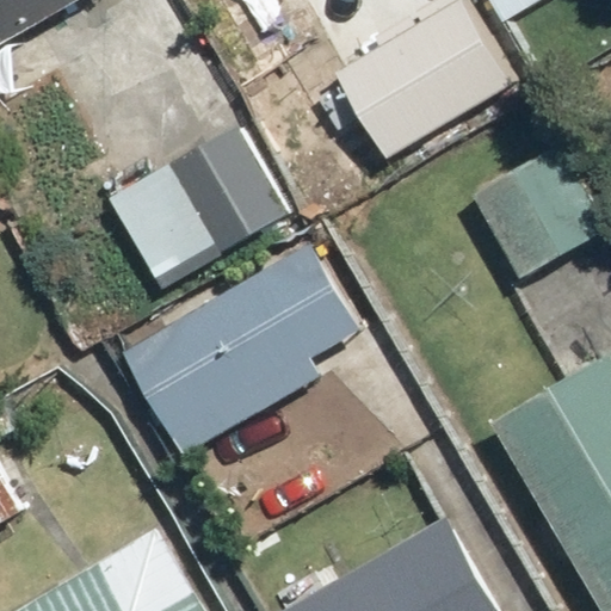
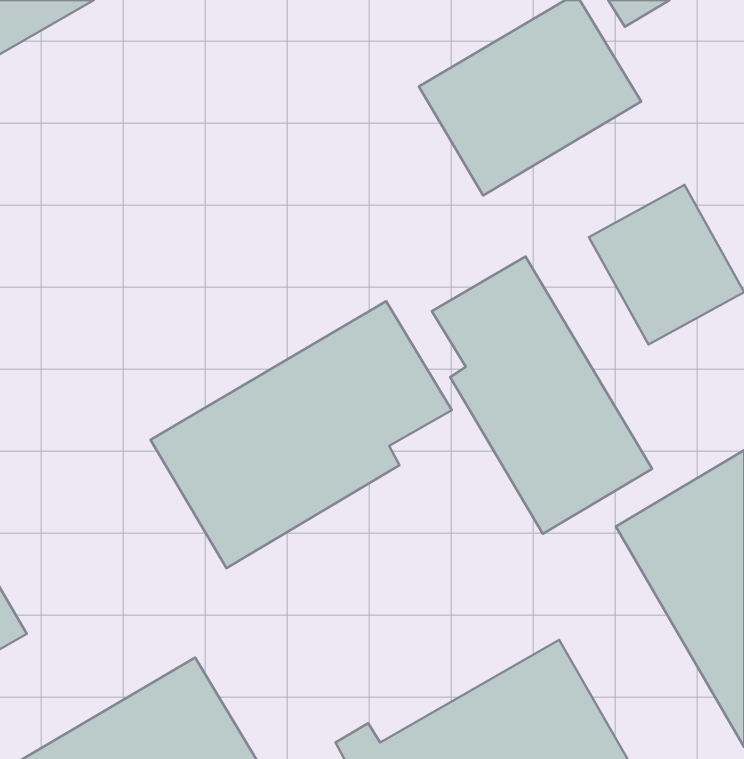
building: [107,124,289,291] -> none
building: none -> [432,257,652,534]

